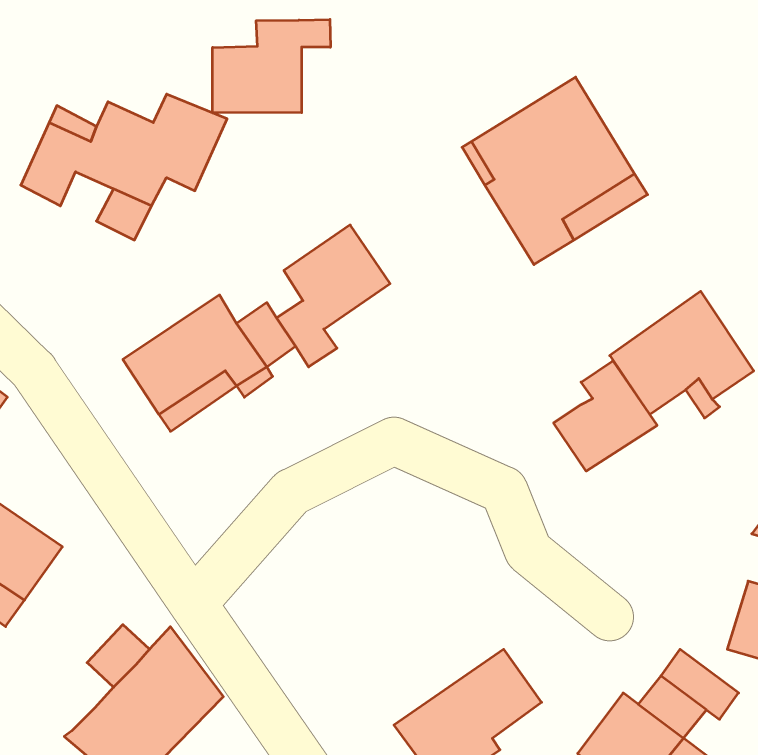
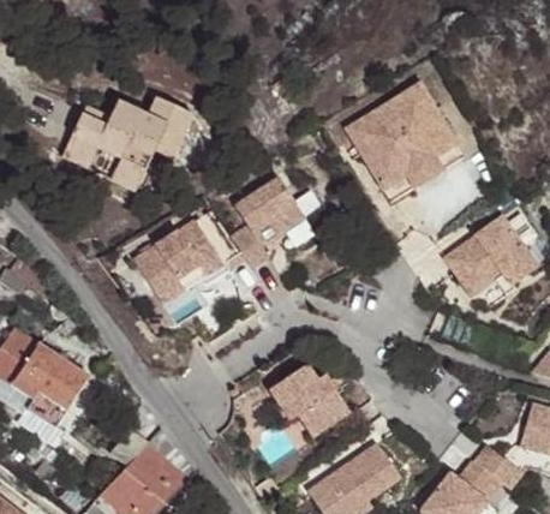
building: [213,19,330,113] -> none
building: [554,361,657,471] -> none
building: none -> [268,369,349,437]

